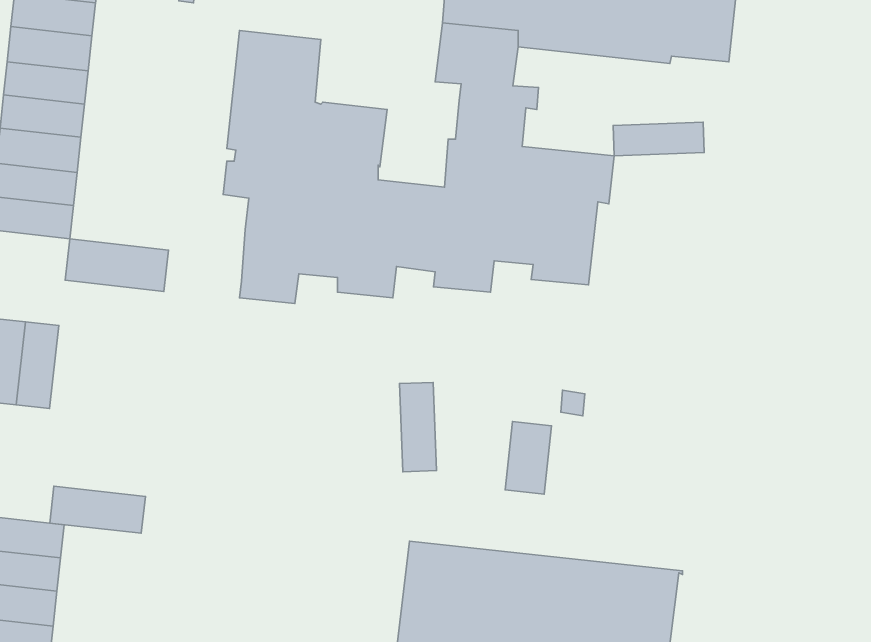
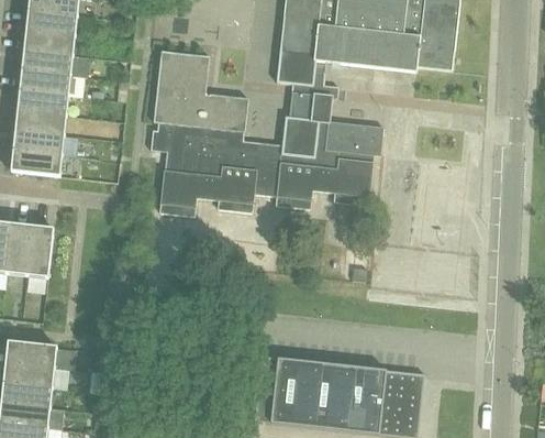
building: [613,122,704,156] -> none
building: [65,239,169,291] -> none
building: [400,382,437,472] -> none
building: [505,421,552,494] -> none
building: [50,486,145,533] -> none

